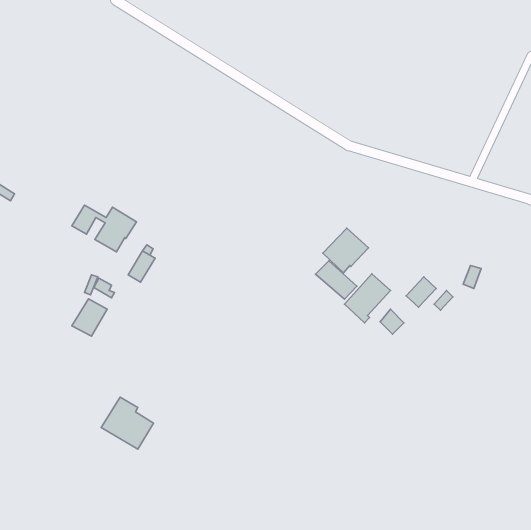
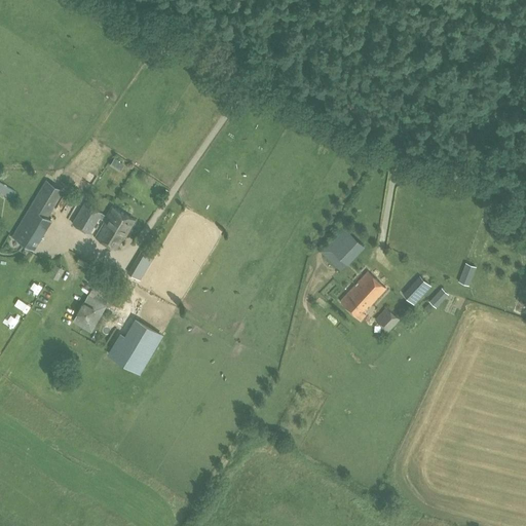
building: none -> [10,181,62,251]
building: [316,261,357,299] -> none
building: [101,397,153,449] -> [104,325,155,376]

